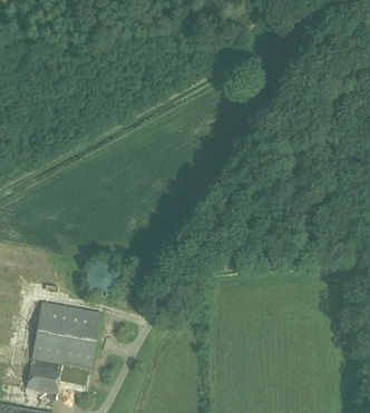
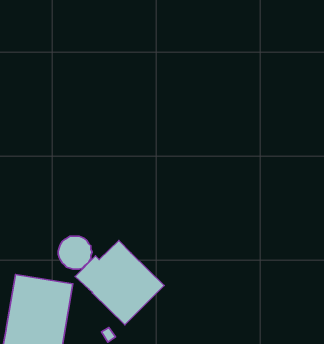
building: none -> [75,240,164,325]

